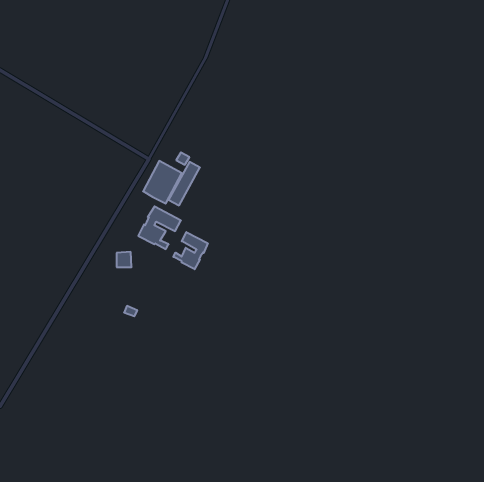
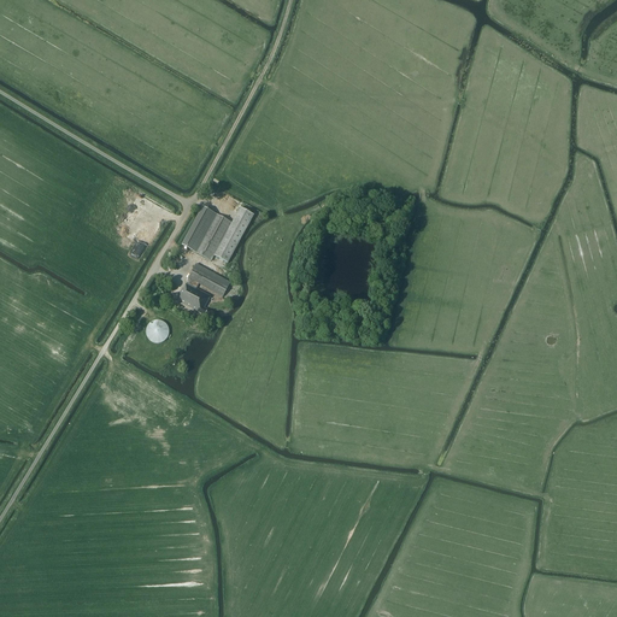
building: [173,232,208,269] -> none

